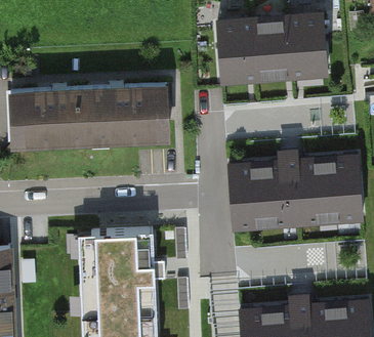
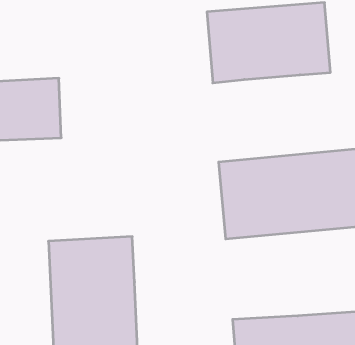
building: [88,85,167,140] -> none

